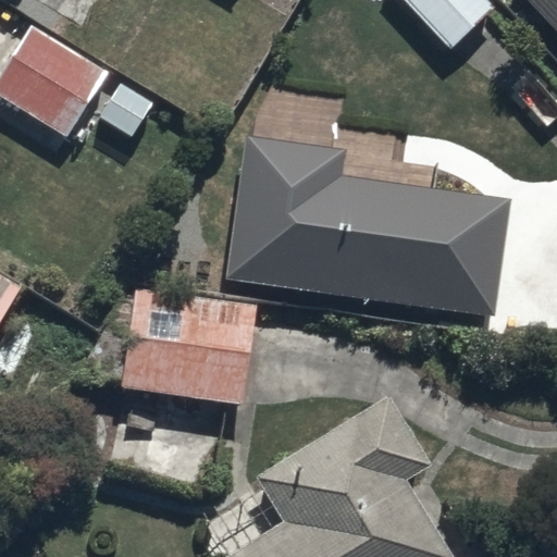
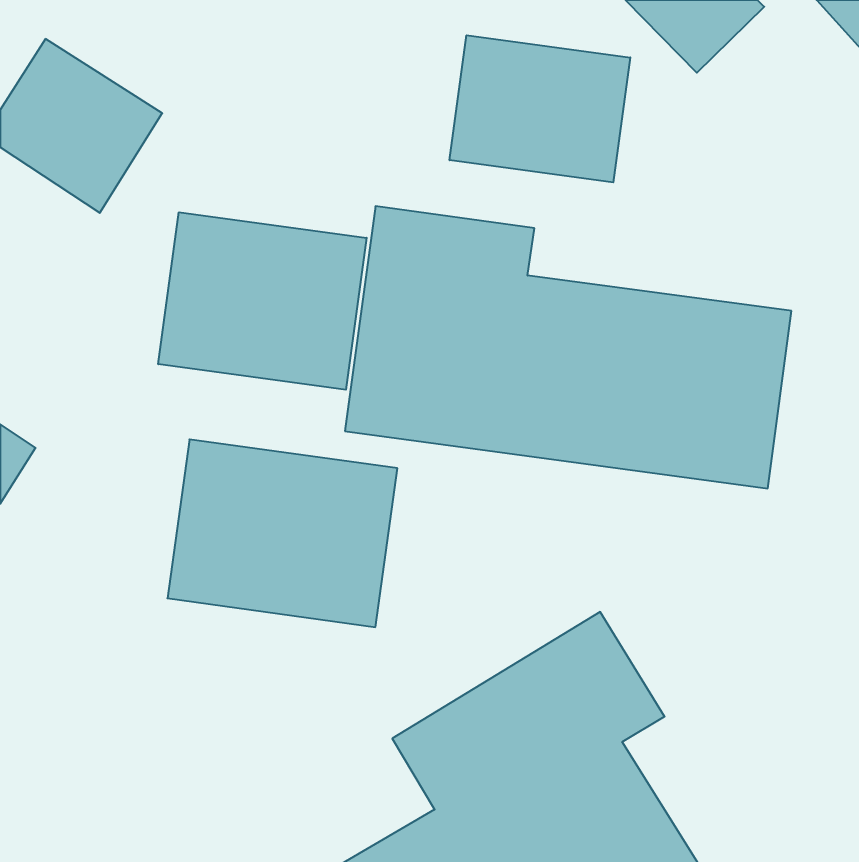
building: none -> [450,35,630,182]
building: none -> [158,212,367,390]

